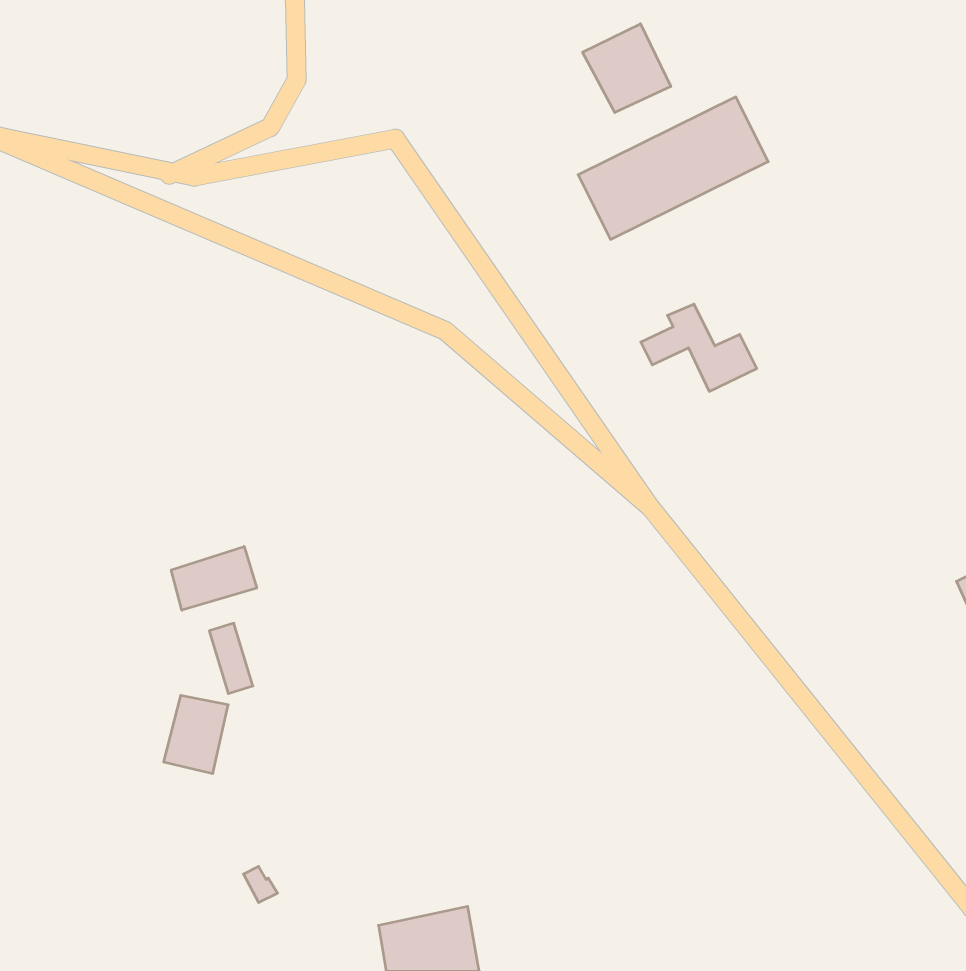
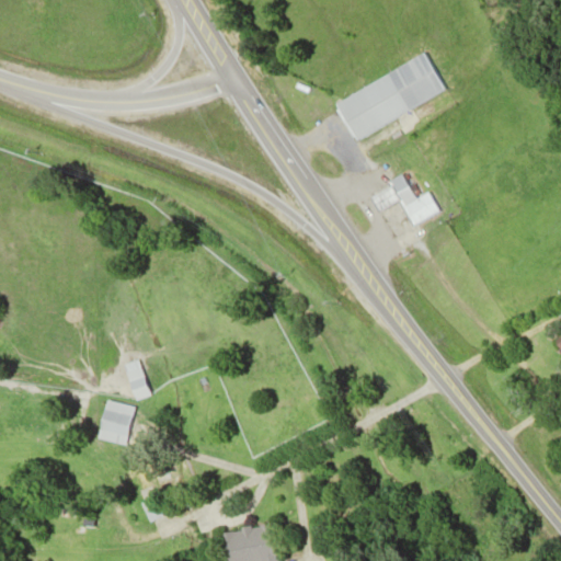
building: [583,24,671,113] -> none
building: [171,546,257,610] -> none

